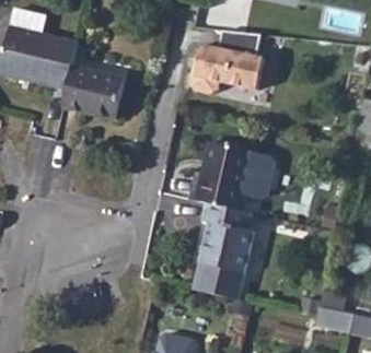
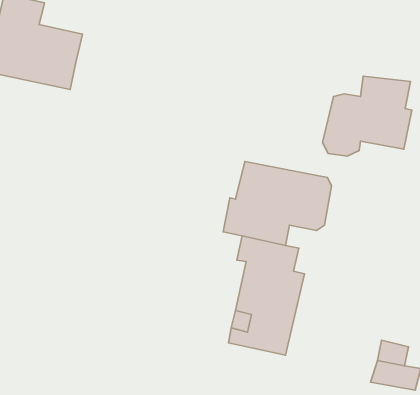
building: [188,28,260,93] -> [323,76,412,156]
building: [66,66,128,118] -> none

